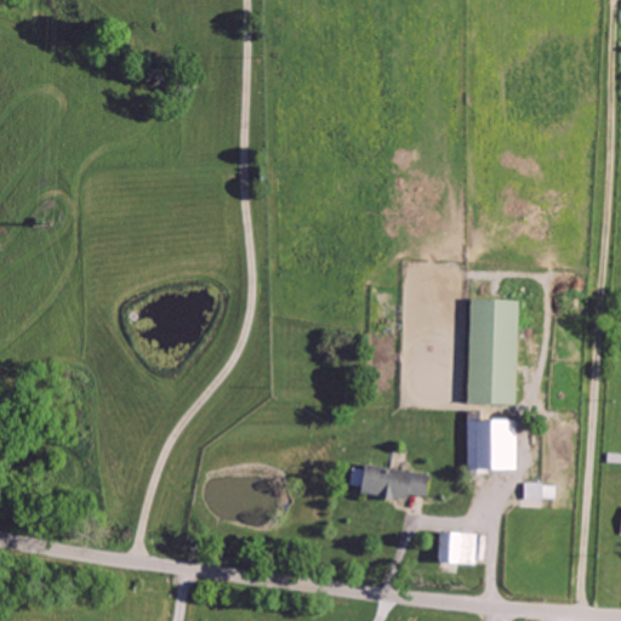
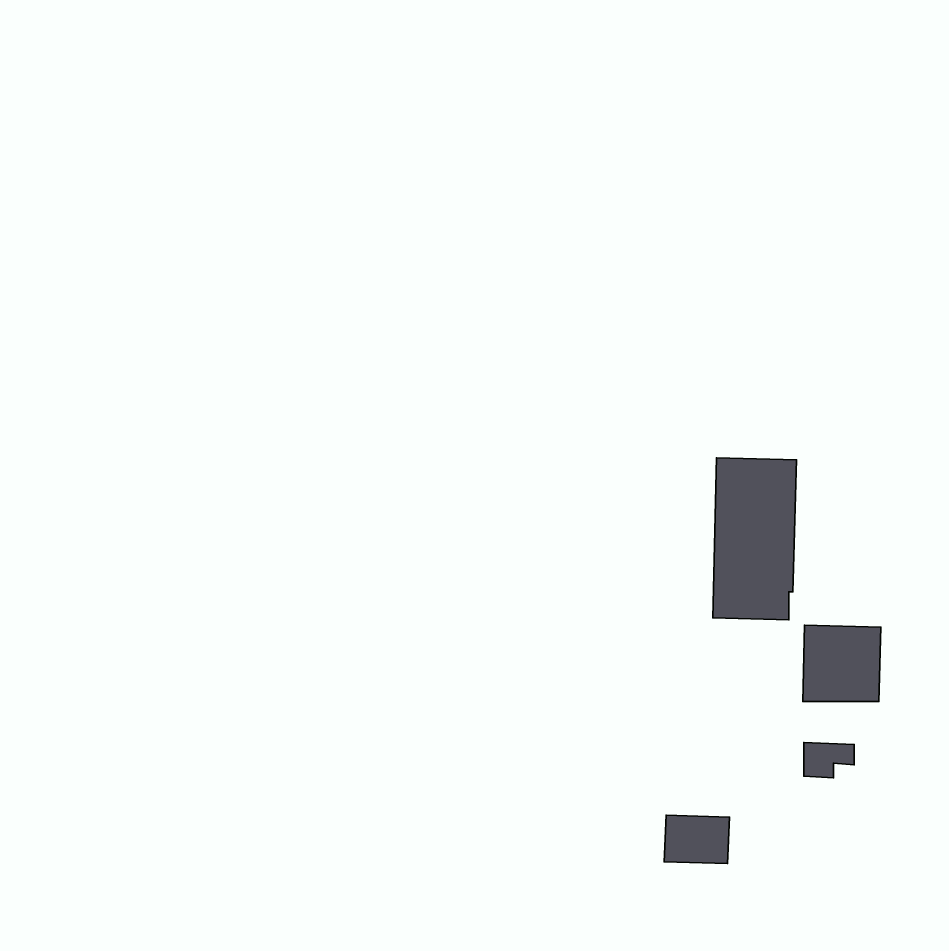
building: [466,418,517,468] -> [803,625,881,702]
building: [359,465,431,501] -> none

